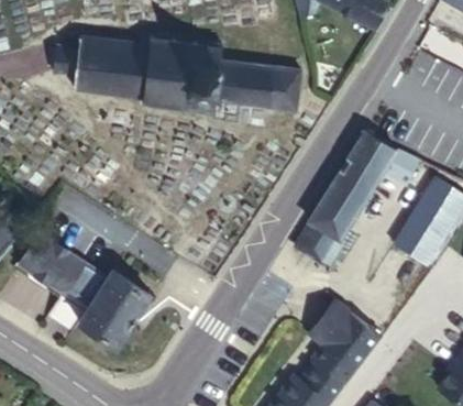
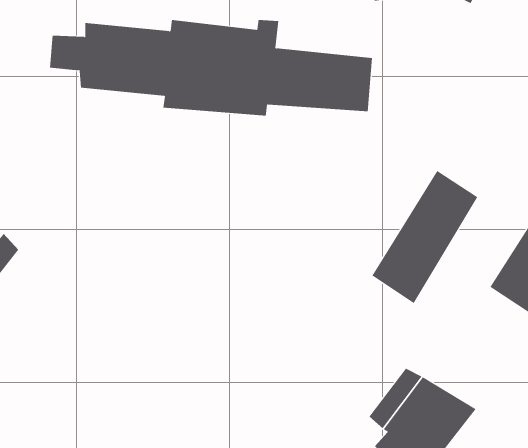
building: [352,124,401,175] -> none
building: [19,234,151,347] -> none

